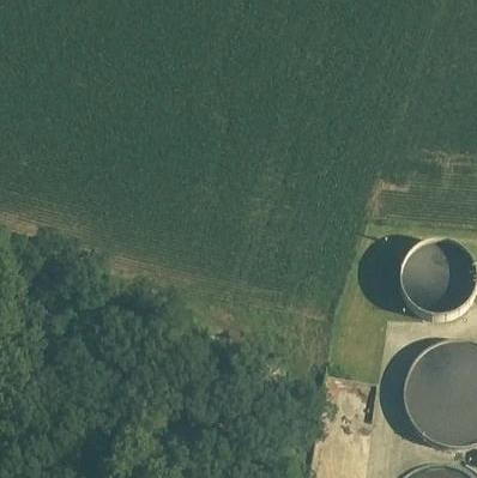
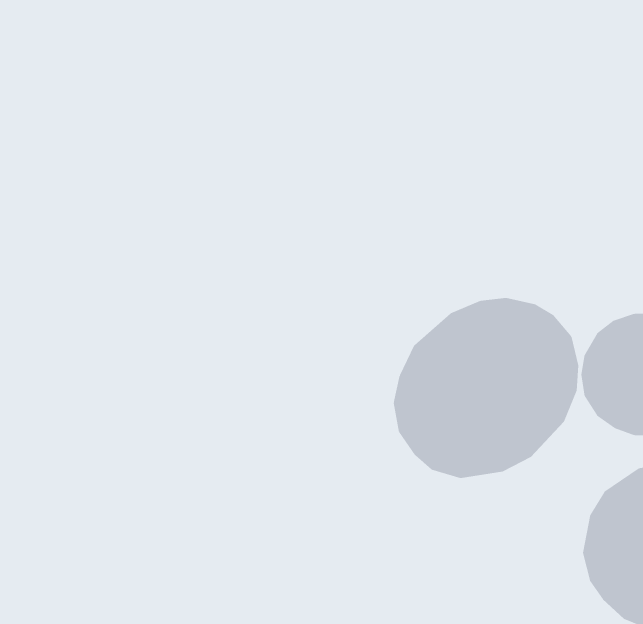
building: none -> [393,297,579,479]

